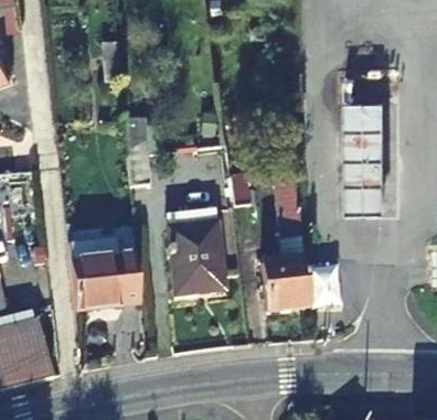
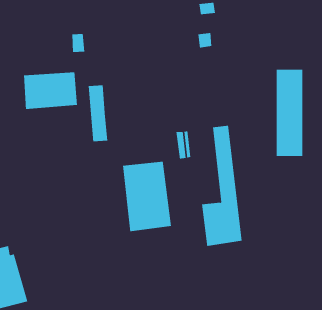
building: none -> [23,71,78,110]
building: [68,237,141,311] -> none

